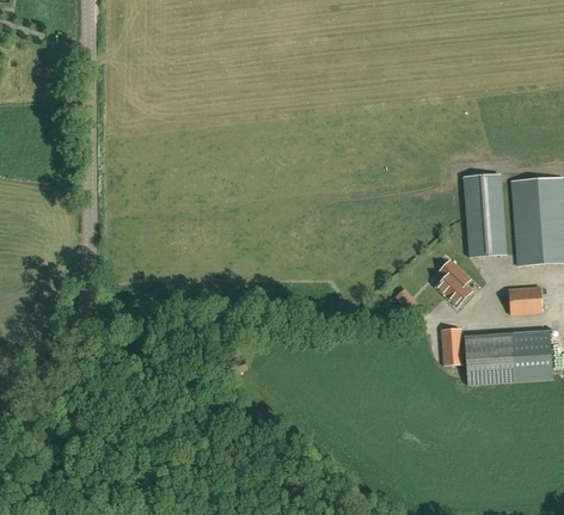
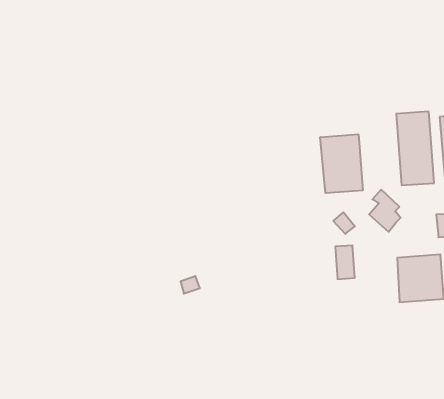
building: none -> [320,134,363,193]
building: [442,327,464,364] -> [335,245,355,279]

